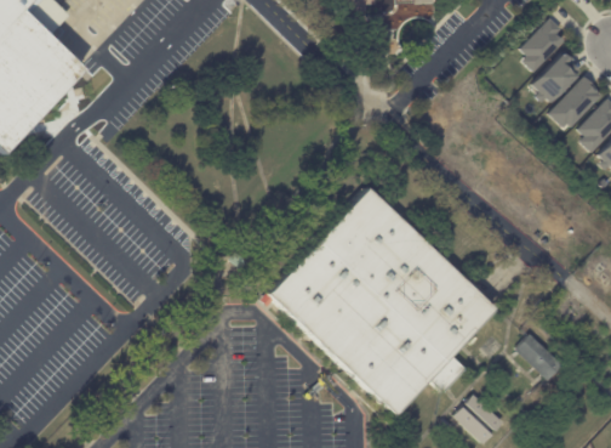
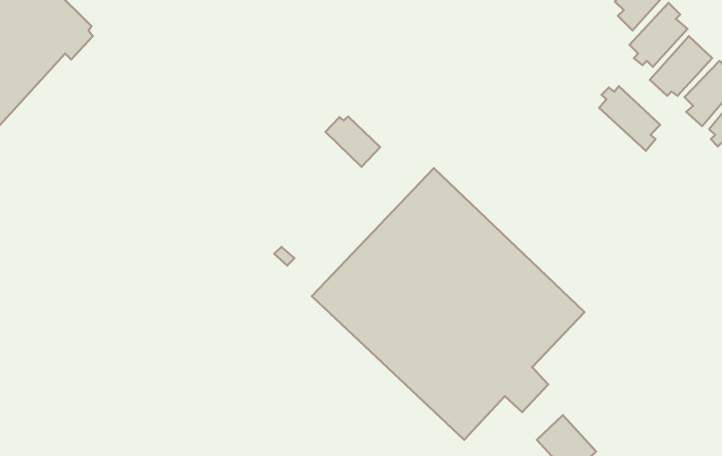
building: none -> [599,86,660,151]
building: none -> [326,117,380,167]
building: [520,333,567,379] -> none

